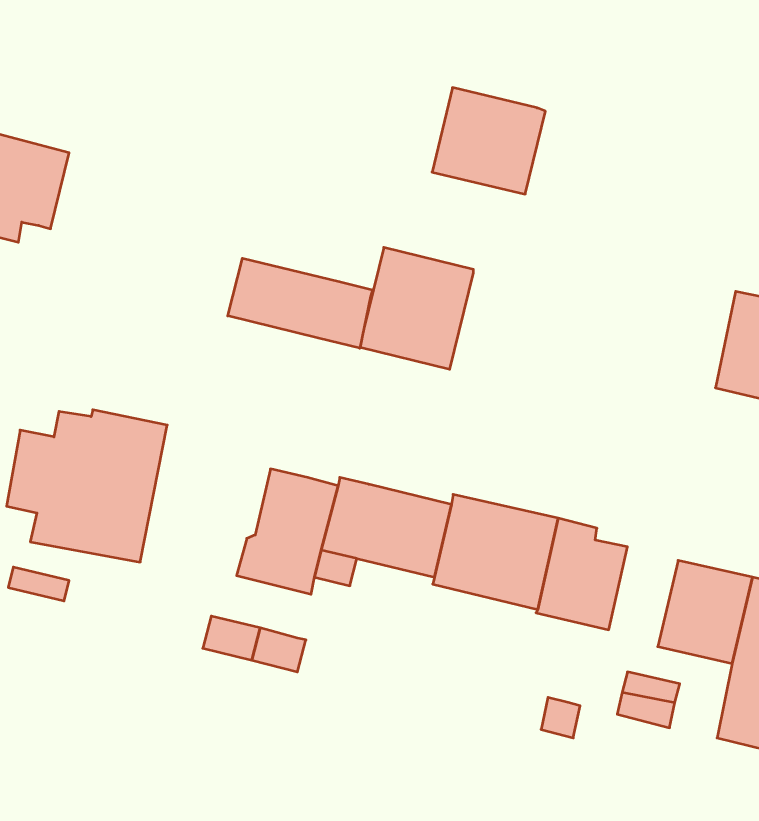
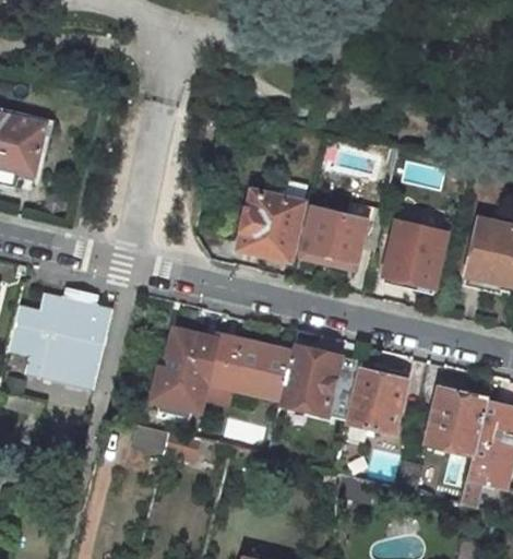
building: [432,88,545,194] -> [297,203,370,272]
building: [228,258,373,348] -> none
building: none -> [382,228,445,295]

